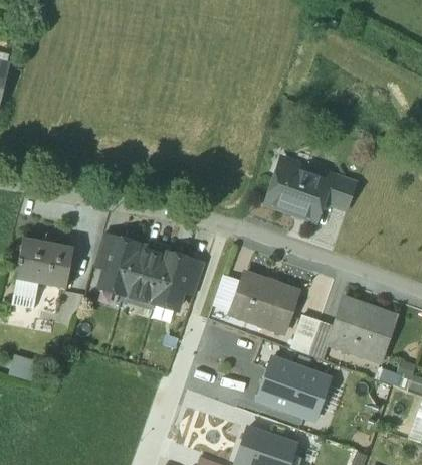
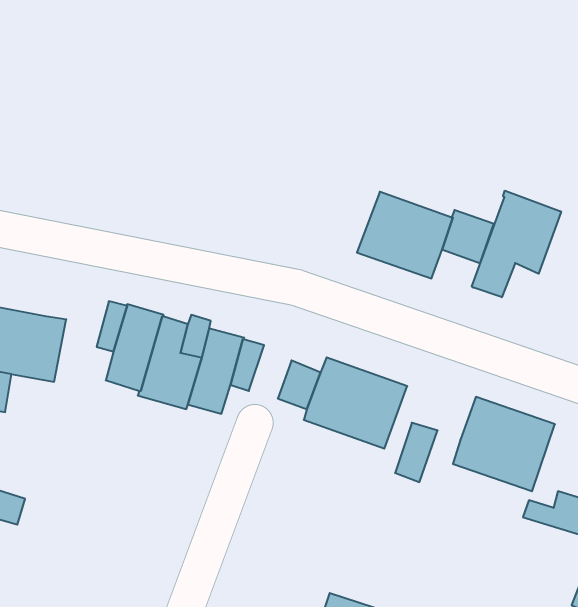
building: none -> [472,191,561,297]
building: [307,320,335,359] -> none
building: [256,356,332,420] -> none

